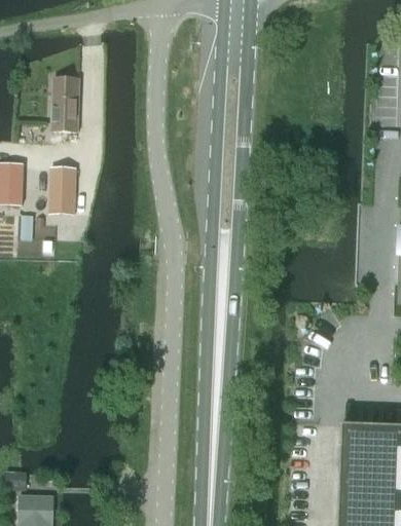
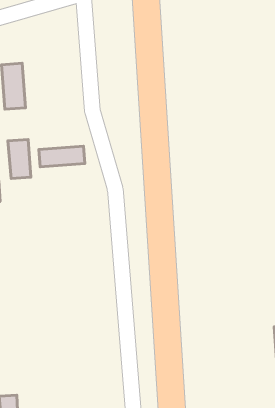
building: none -> [39,146,85,167]

